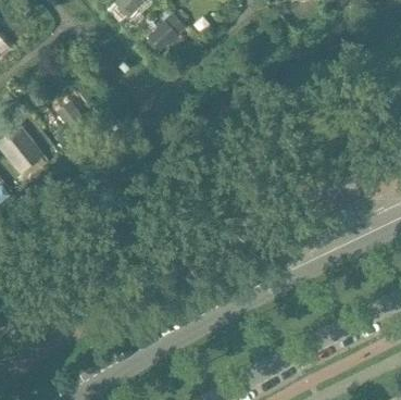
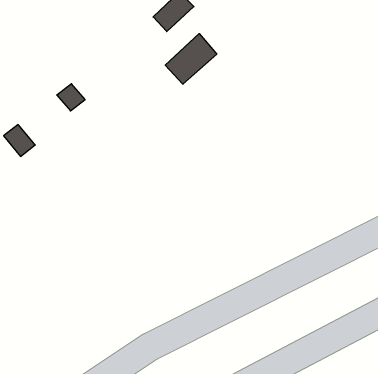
building: none -> [165,34,217,84]

